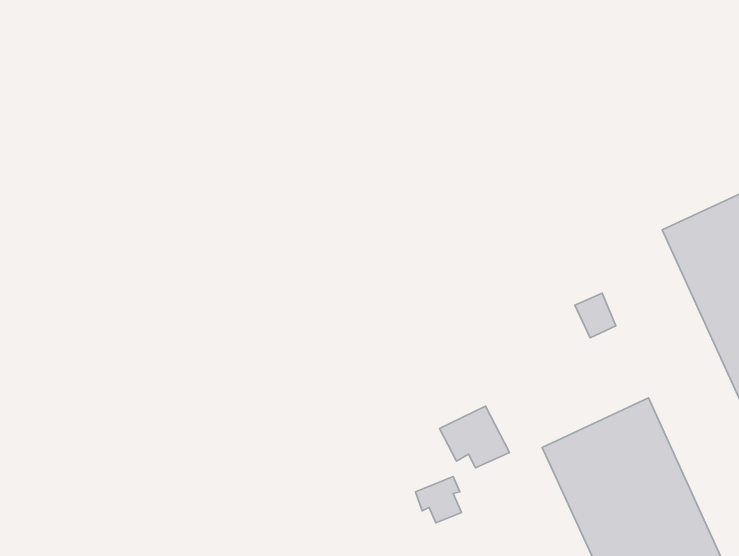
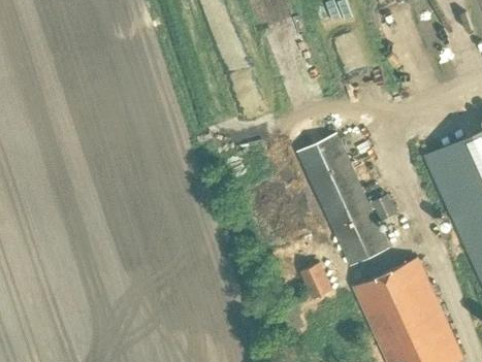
building: none -> [299,134,389,266]

